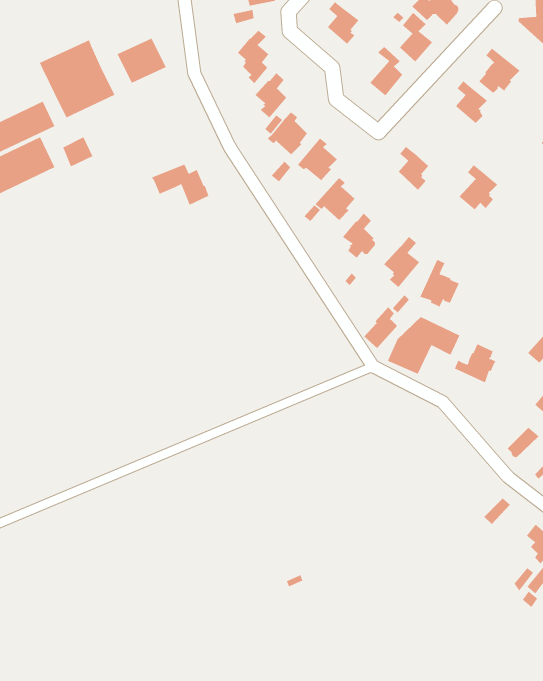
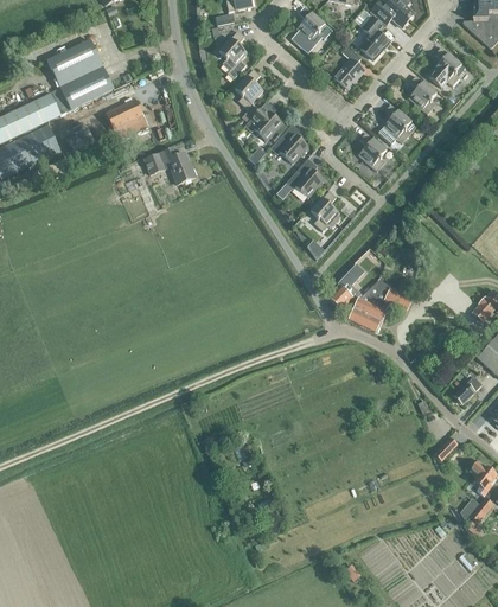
building: [116,38,167,84] -> [104,98,148,139]
building: [459,164,498,211] -> [377,103,411,143]
building: [383,236,420,288] -> none
building: [419,259,460,309] -> none
building: [454,343,498,384] -> none

